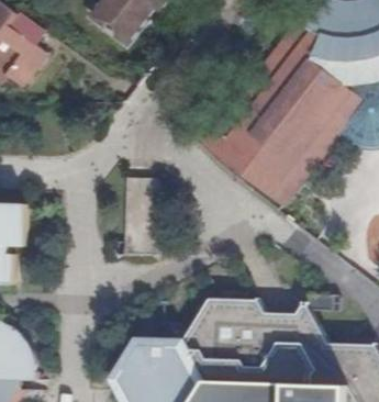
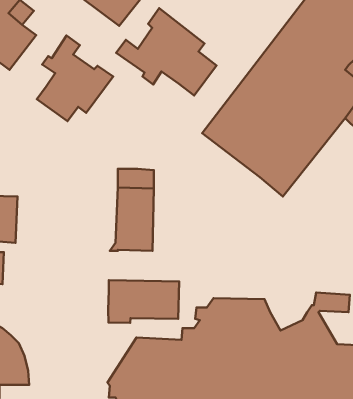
building: none -> [116,8,216,96]
building: none -> [37,36,113,121]
building: none -> [108,280,179,323]

